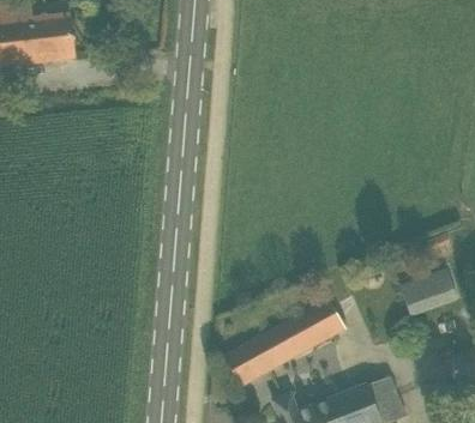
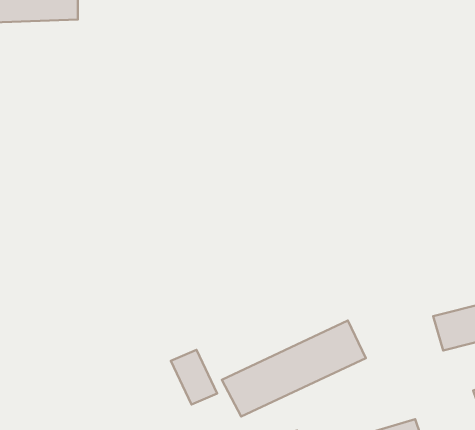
building: none -> [171,350,217,405]

